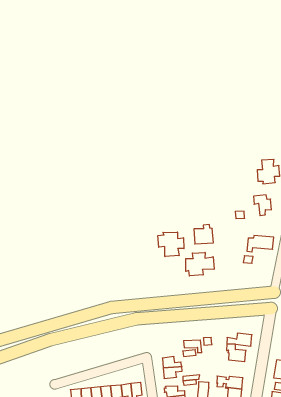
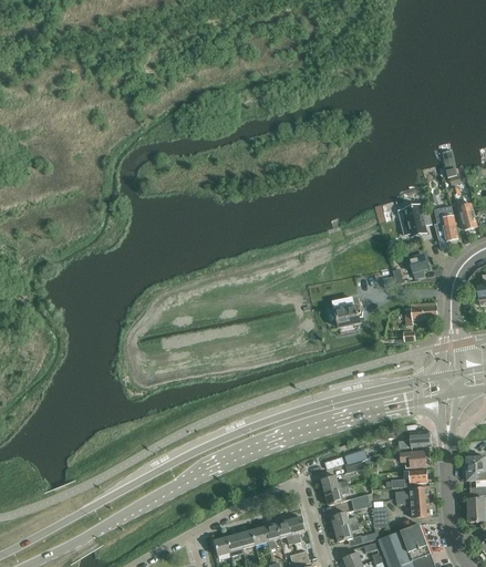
building: [158,232,184,257] -> none
building: [186,252,214,276] -> none
building: none -> [391,468,427,487]

